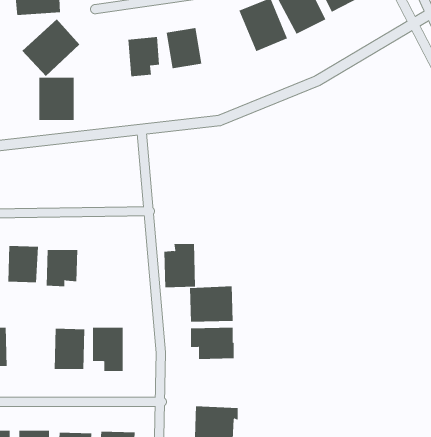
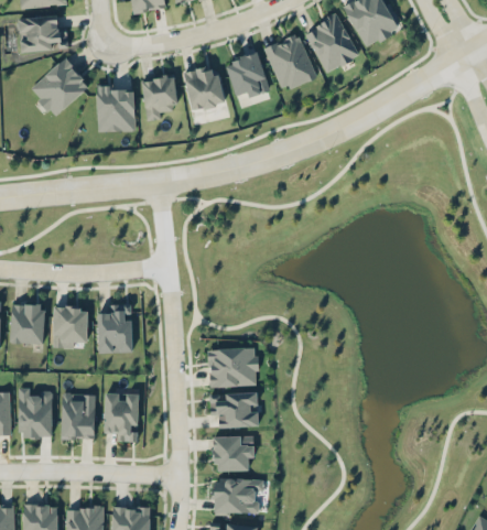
building: none -> [225,51,270,100]
building: [38,77,75,121] -> [96,84,136,131]
building: [163,243,196,288] -> [98,304,133,353]
building: none -> [19,387,53,437]
building: none -> [214,435,255,472]

